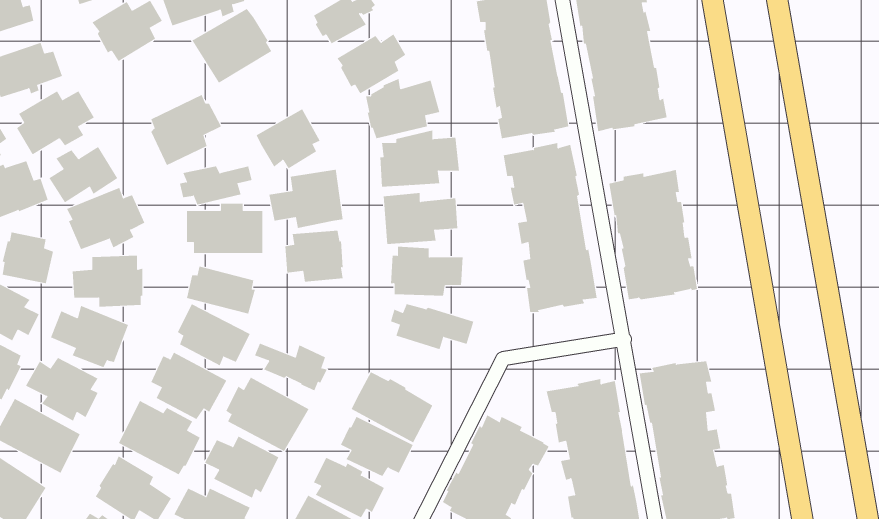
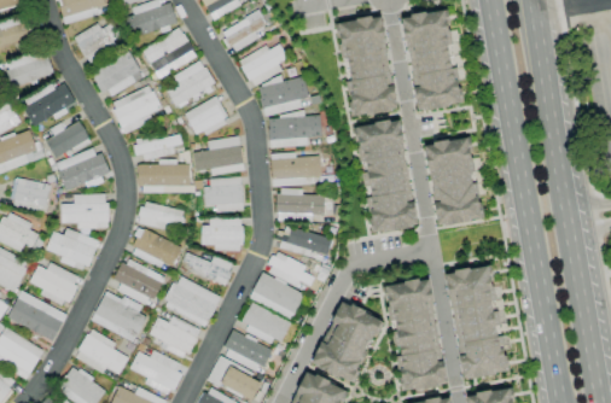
building: none -> [93,52,141,97]
building: none -> [168,66,216,106]
building: none -> [203,218,244,251]
building: none -> [269,252,315,287]

